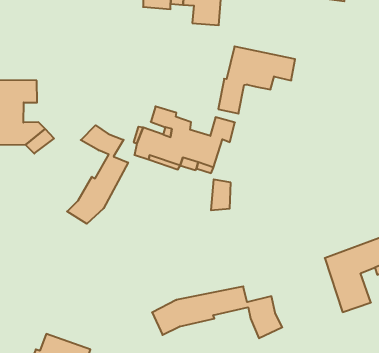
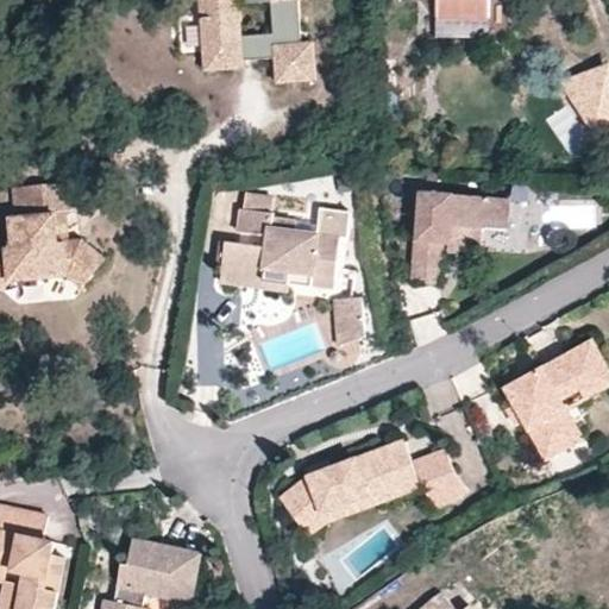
building: [218,46,295,114] -> [407,189,506,283]
building: [67,125,128,224] -> none

